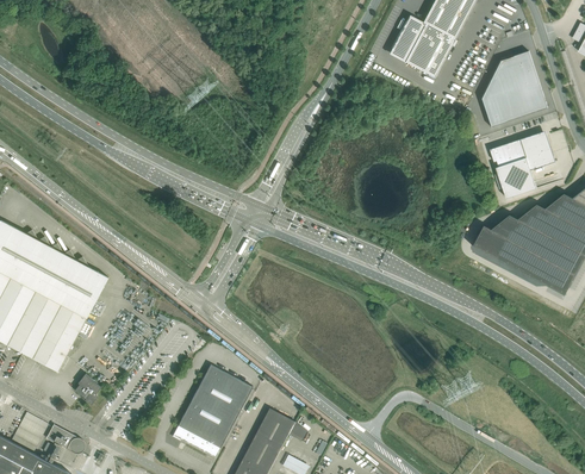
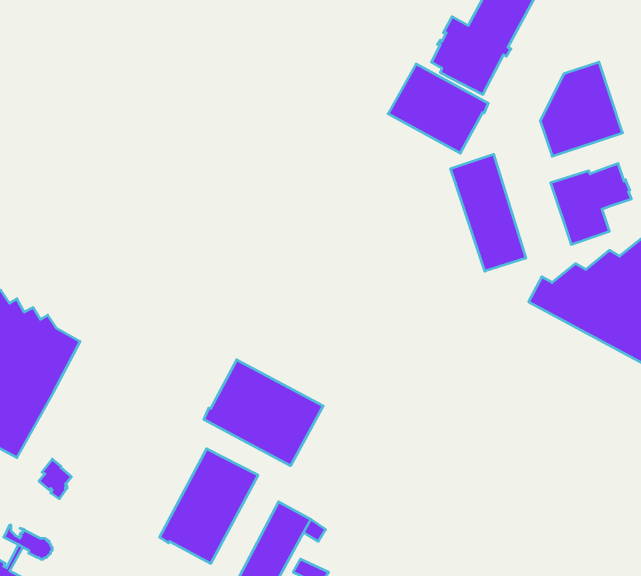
building: none -> [388,64,488,153]
building: none -> [451,154,526,271]
building: none -> [204,360,323,466]

